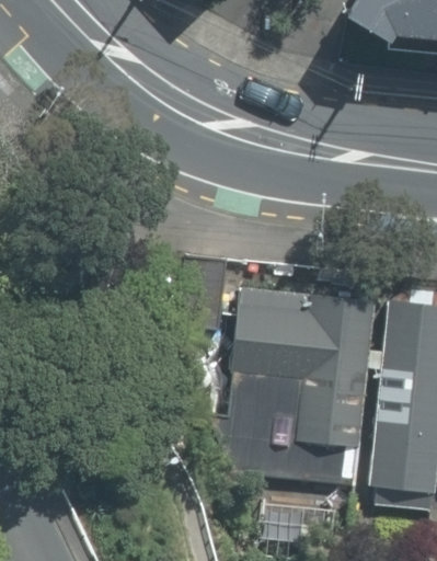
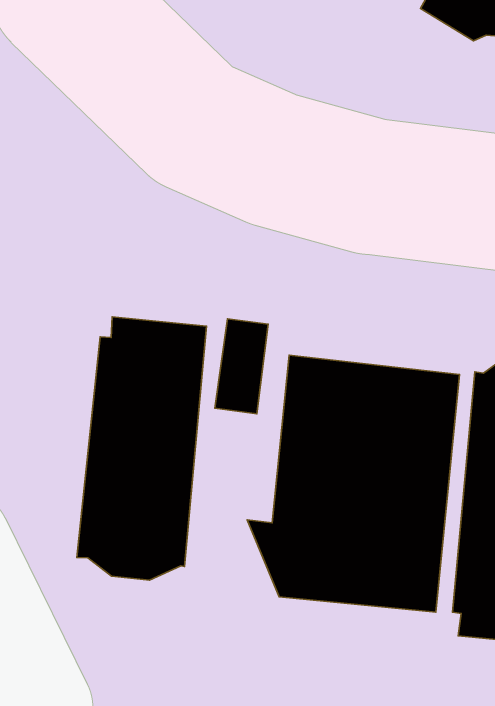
building: none -> [77,317,207,580]

